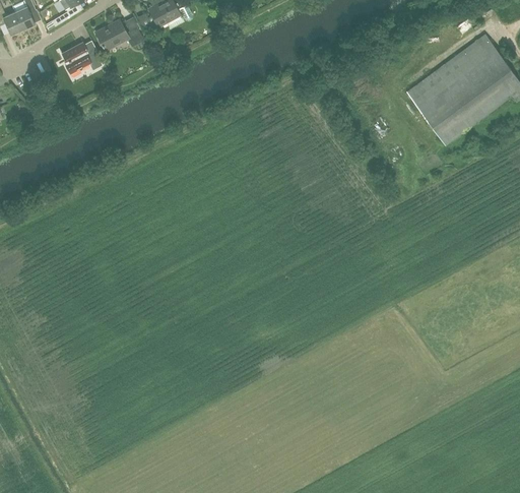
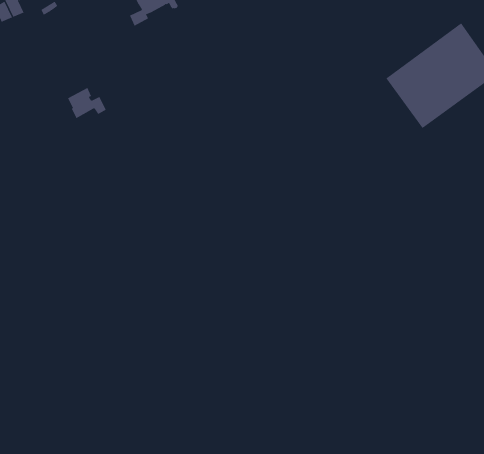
building: [95,20,143,51] -> none
building: [61,42,102,74] -> [67,87,107,119]

